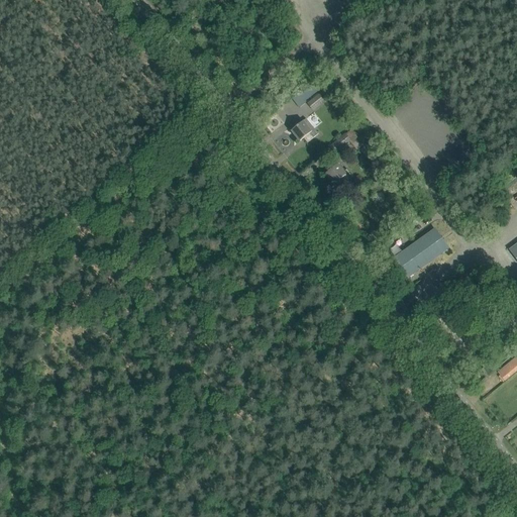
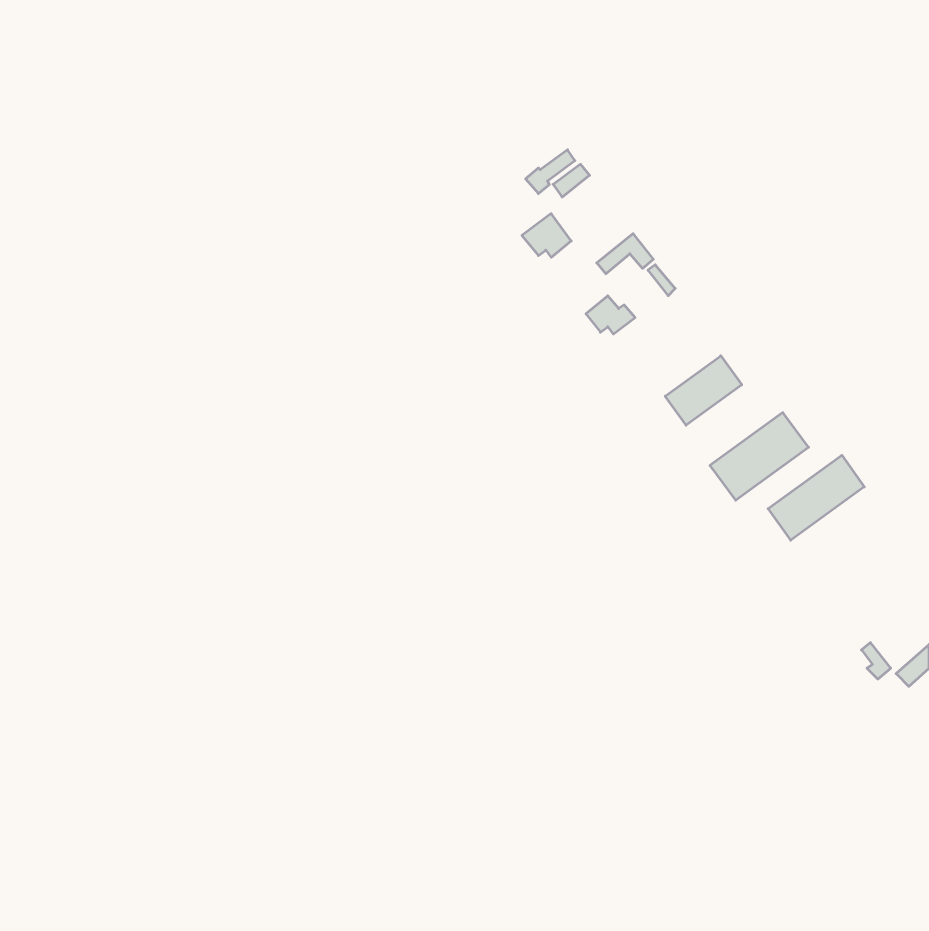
building: none -> [665,356,742,425]
building: none -> [768,455,864,540]

